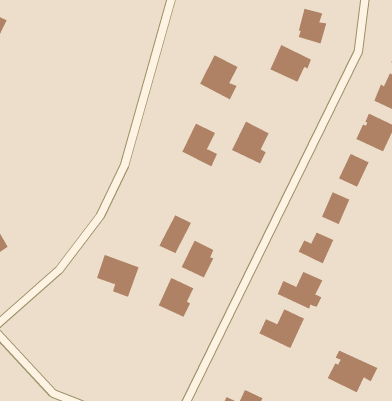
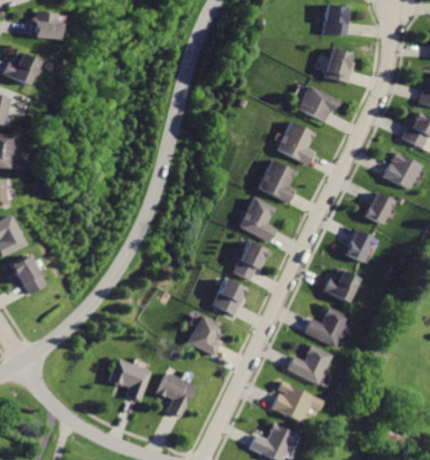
building: [199,55,238,100] -> [277,120,316,165]
building: [181,123,218,167] -> [241,197,277,241]
building: [159,215,192,254] -> [233,240,266,279]
building: [96,254,139,297] -> [107,358,150,401]
building: none -> [158,373,195,418]
building: [327,350,378,393] -> [271,380,322,423]

